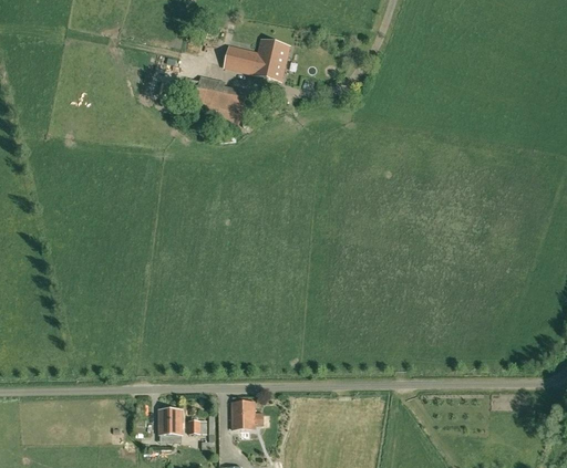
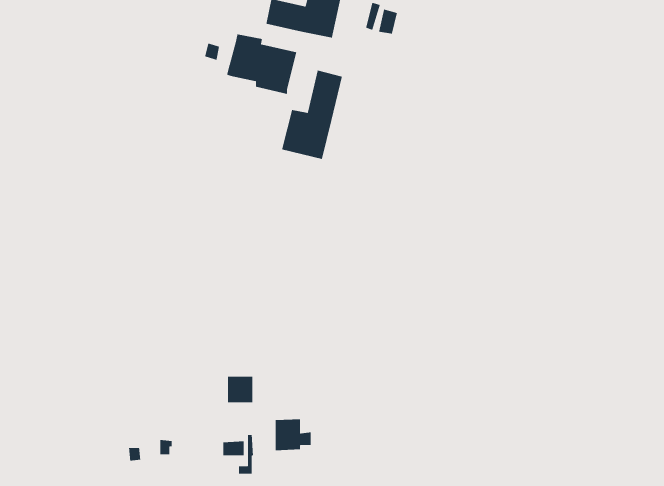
building: none -> [281,69,343,160]
building: [159,409,182,433] -> [227,376,253,403]

